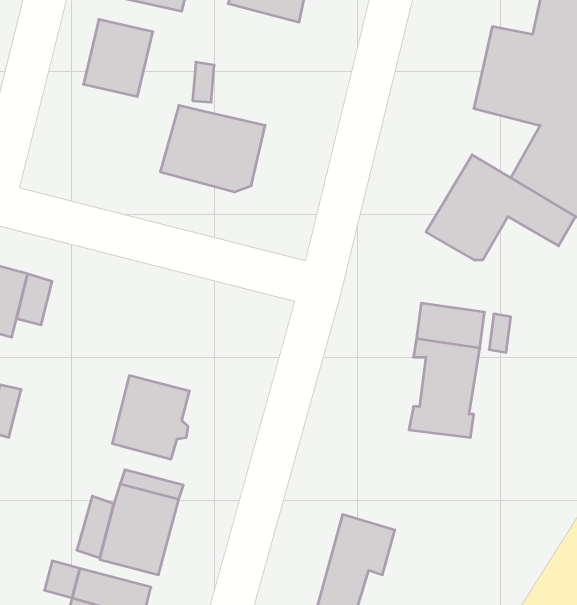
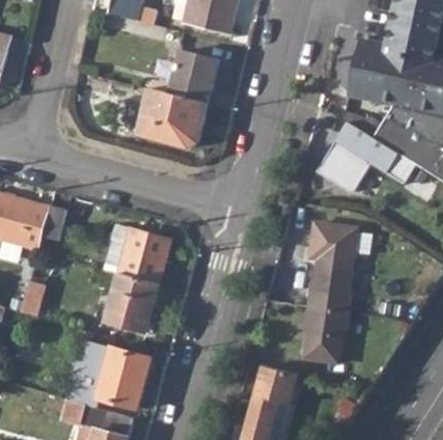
building: [83,19,153,97] -> [172,53,219,105]
building: none -> [103,223,170,283]
building: none -> [302,309,347,365]

